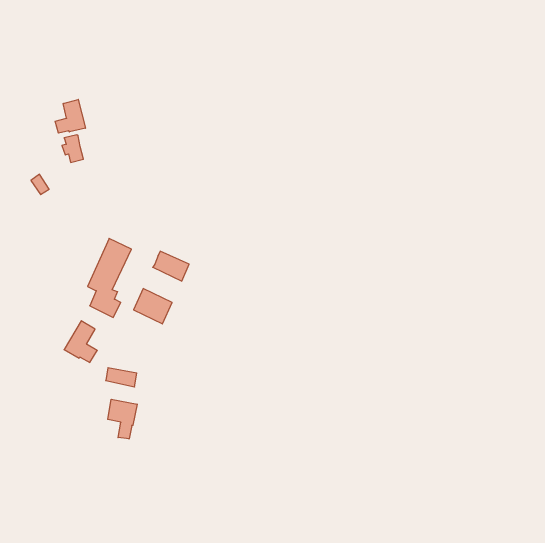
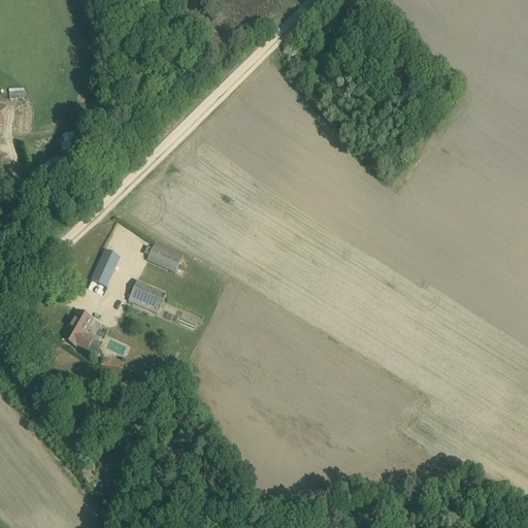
building: [55,99,85,133] -> none
building: [108,399,137,439] -> none

